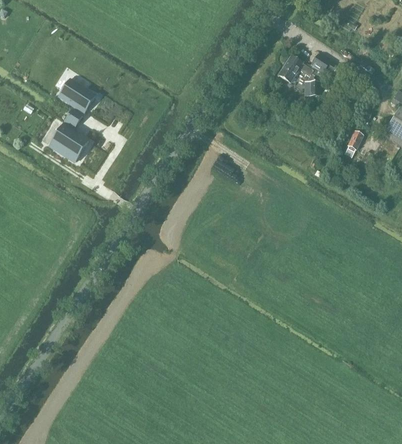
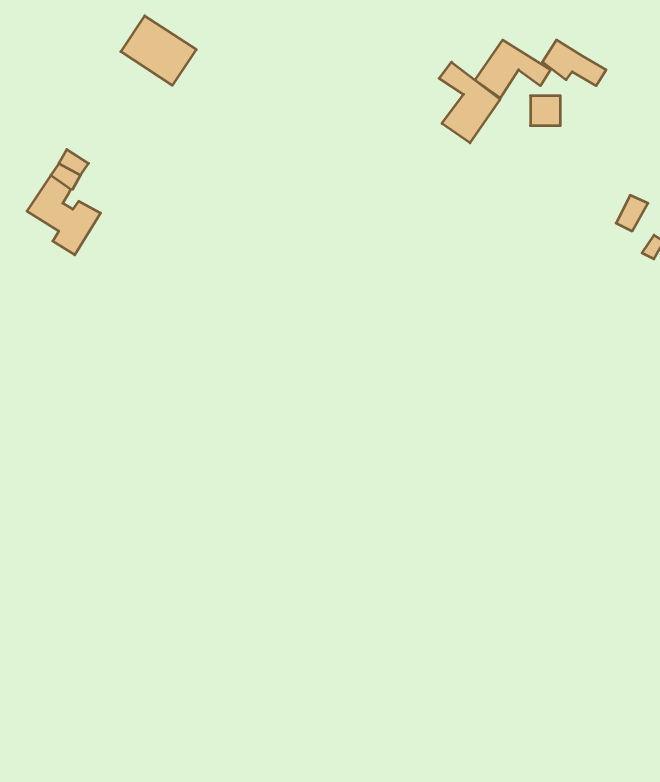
building: none -> [439,62,500,143]
building: [57,78,95,113] -> [121,16,196,85]

